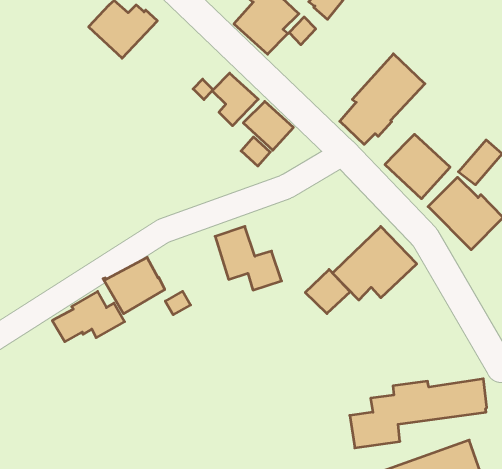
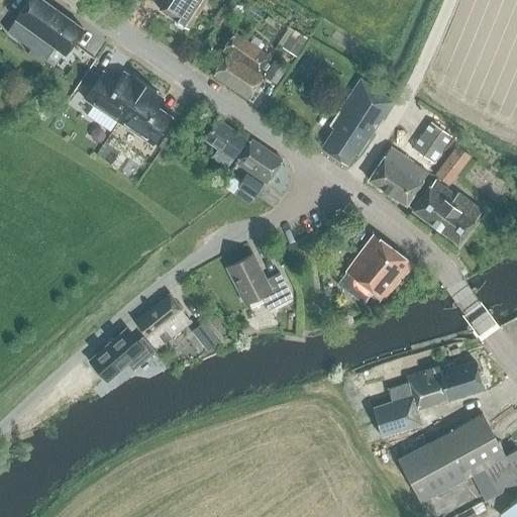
building: none -> [119,84,173,145]
building: none -> [413,122,452,163]
building: [305,269,350,314] -> none

